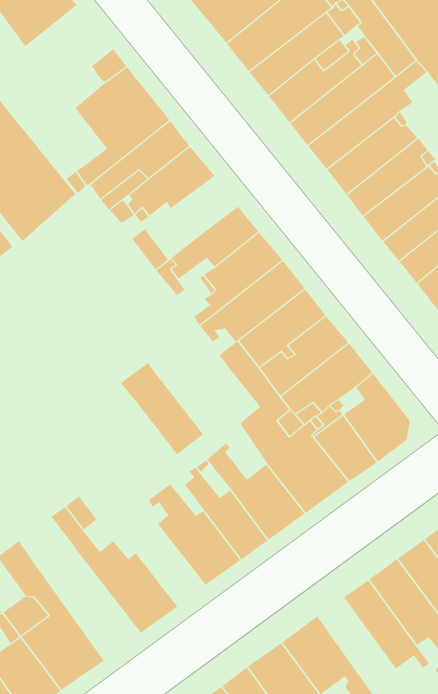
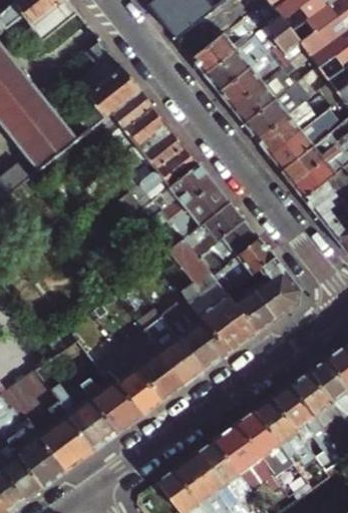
building: none -> [136,126,185,175]
building: [120,362,204,455] -> [106,352,162,414]
building: none -> [52,382,119,450]
building: none -> [238,408,288,465]

